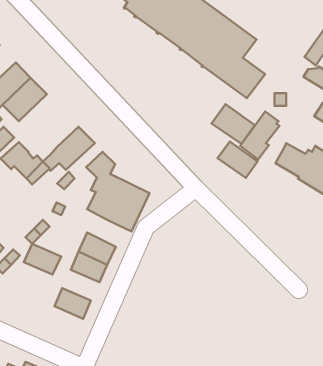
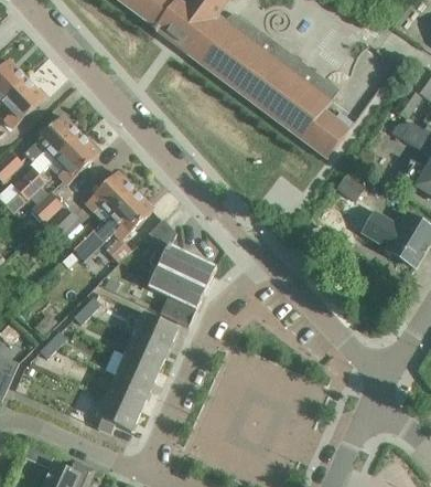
building: [211,104,255,144] -> none
building: none -> [87,171,134,213]
building: [217,141,258,178] -> none
building: none -> [159,297,195,328]
building: [24,244,61,275] -> [116,354,159,390]
building: none -> [97,396,140,433]

